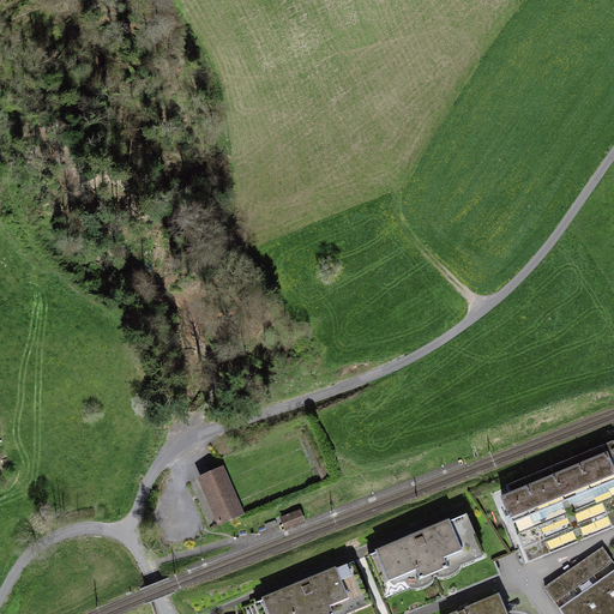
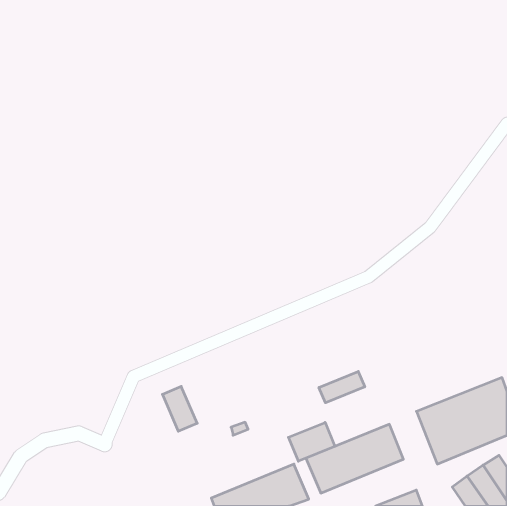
building: none -> [319,371,365,403]
building: none -> [288,422,335,461]

